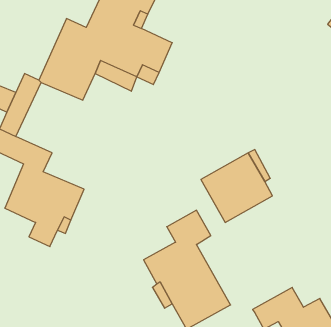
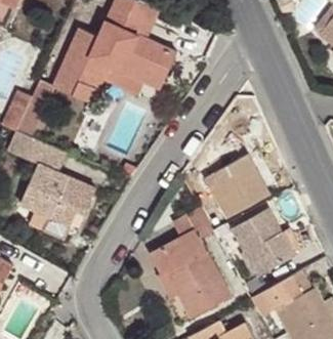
building: none -> [232,208,294,276]

